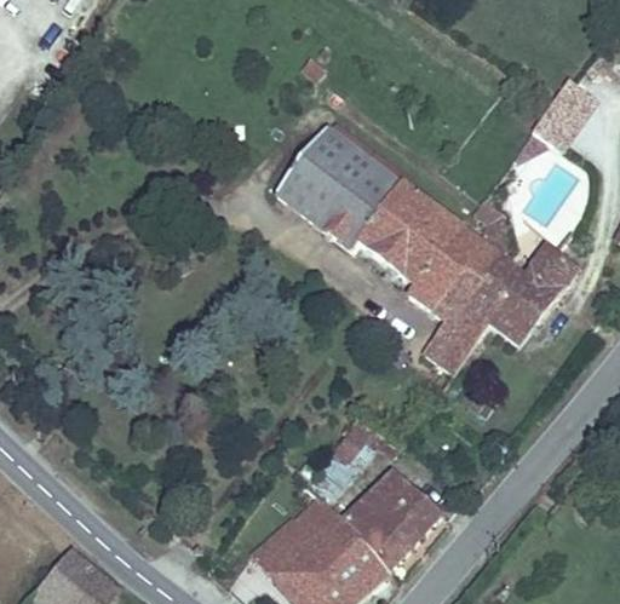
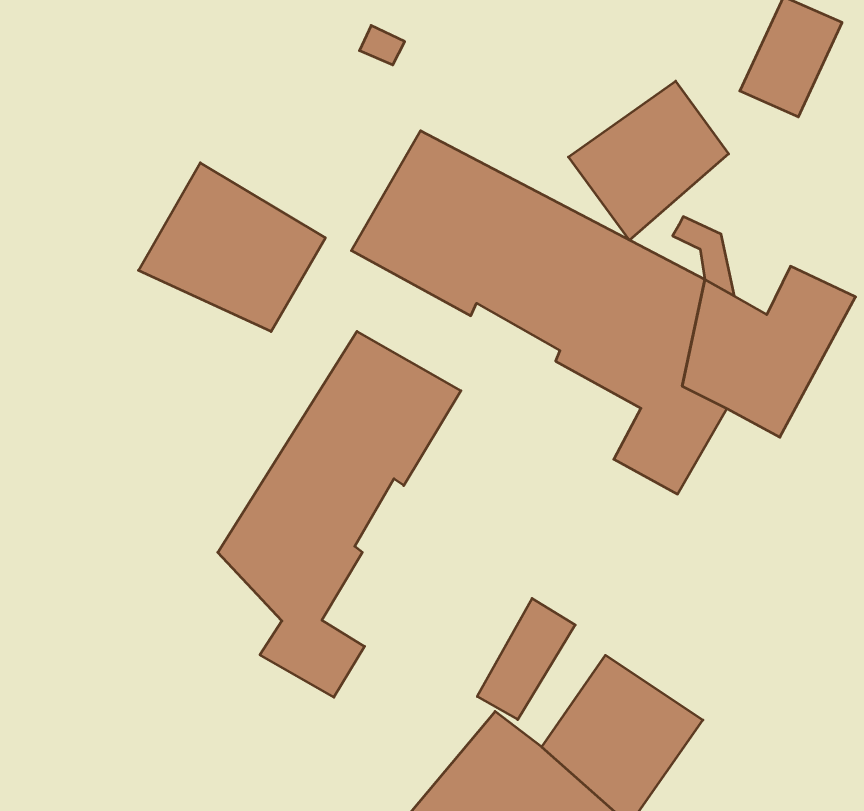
building: none -> [568,81,729,240]
building: none -> [138,163,325,332]
building: none -> [218,331,461,697]

